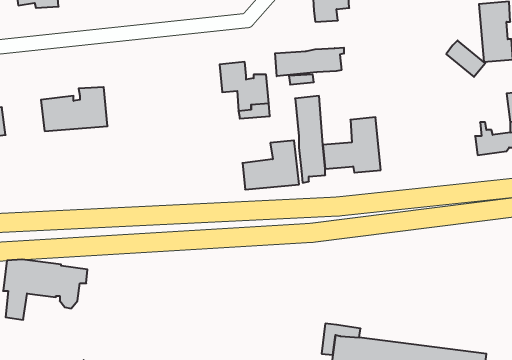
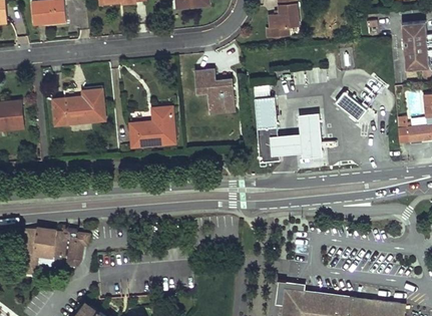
building: [446,40,485,77] -> [335,93,366,122]
building: [275,48,344,76] -> none
building: [242,140,299,189] -> [129,108,174,147]

